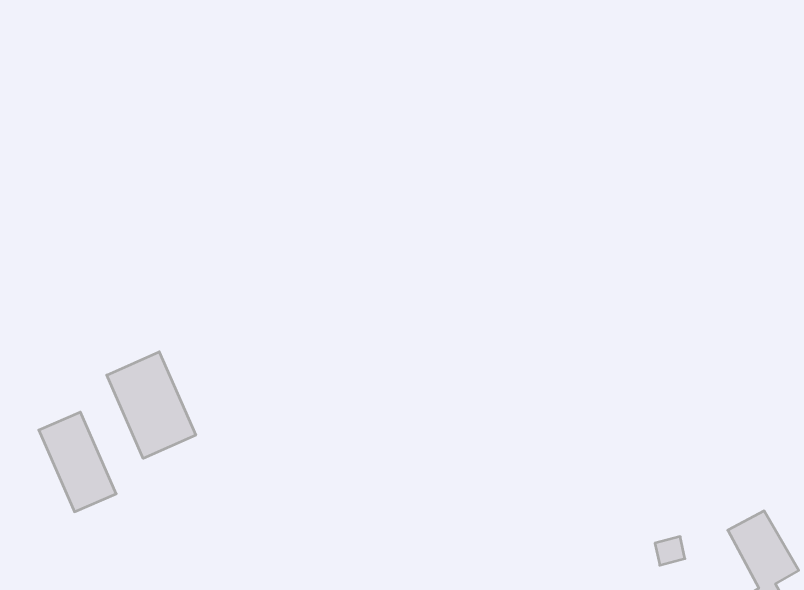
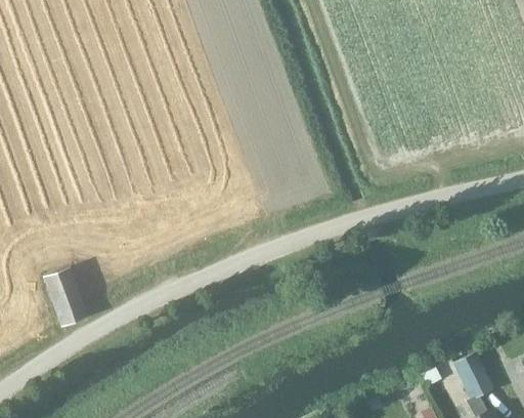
building: [107,352,196,458] -> none

